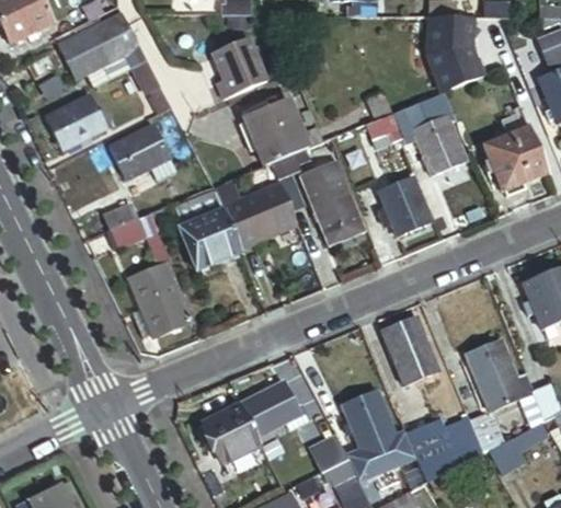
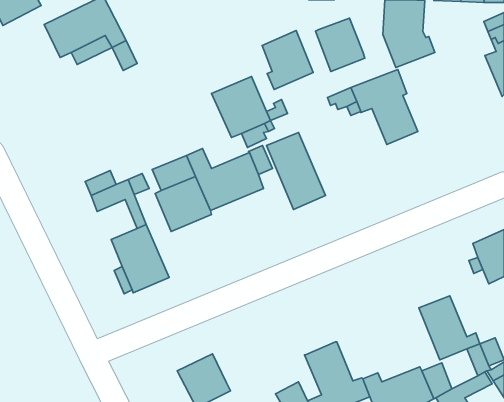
building: [210,35,266,100] -> [262,30,313,89]
building: none -> [316,18,365,71]
building: [46,95,106,150] -> none
building: [107,123,175,181] -> none
building: [484,128,548,190] -> none
building: [376,175,432,235] -> none
building: [382,316,439,383] -> none
building: [241,381,309,435] -> none

